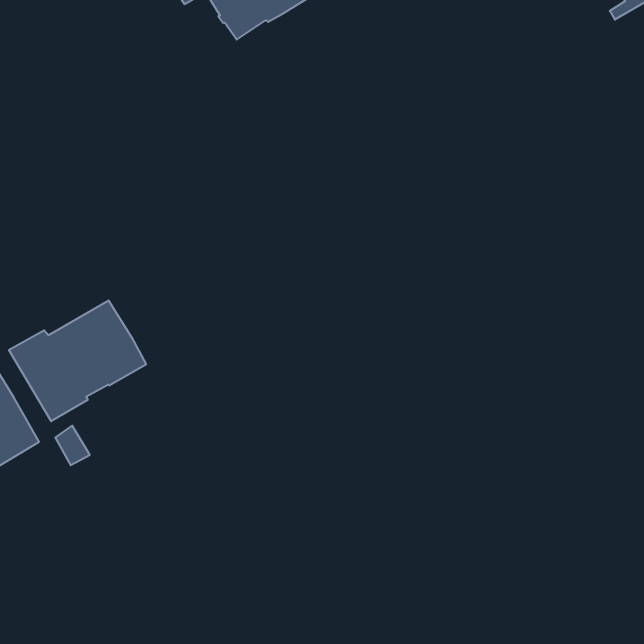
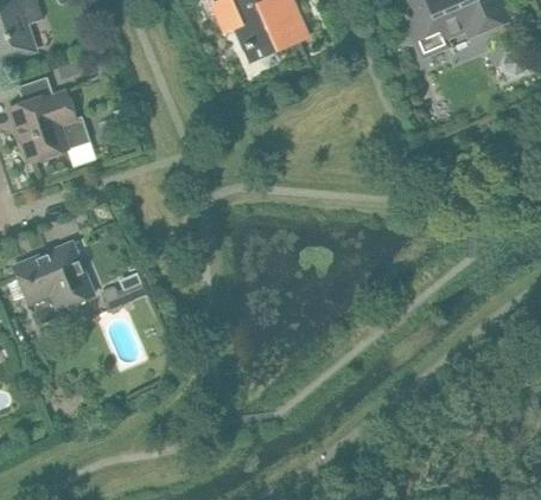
building: [9,300,146,421] -> none

